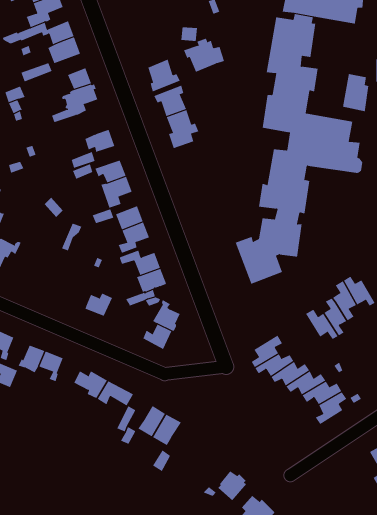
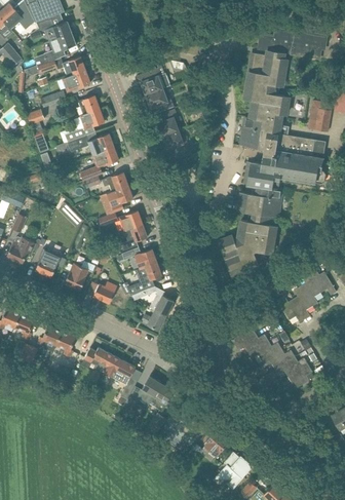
building: [183,38,225,72] -> [136,67,170,95]
building: none -> [68,133,114,155]
building: none -> [36,248,67,277]
building: none -> [65,263,89,291]

